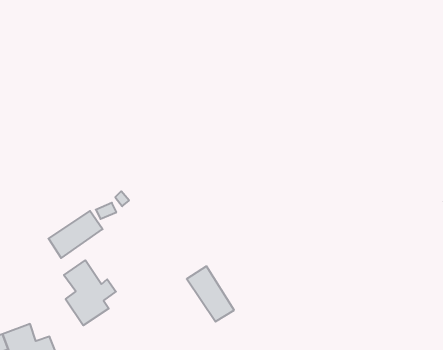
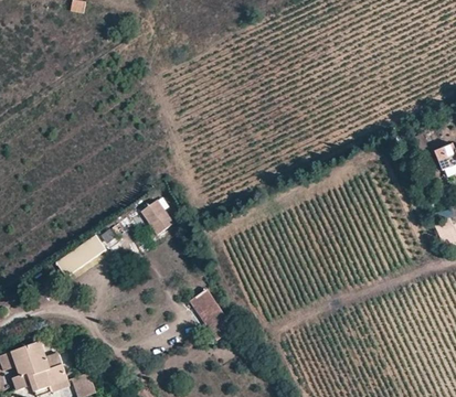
building: none -> [131,198,174,233]
building: [64,260,116,325] -> none

